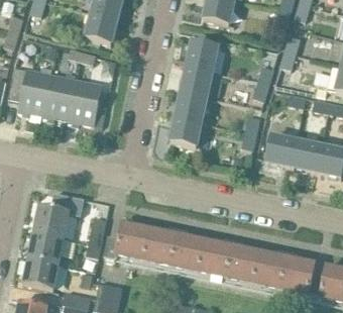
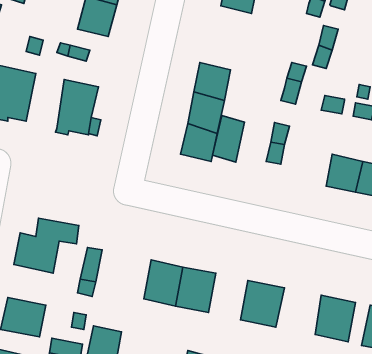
building: [187,39,218,70] -> none
building: [43,73,75,118] -> none
building: none -> [212,116,244,162]
building: [265,134,296,166] -> none
building: [104,221,146,259] -> none
building: [28,231,66,264] -> none
building: [194,237,226,276] -> none
building: [249,249,287,288] -> none

